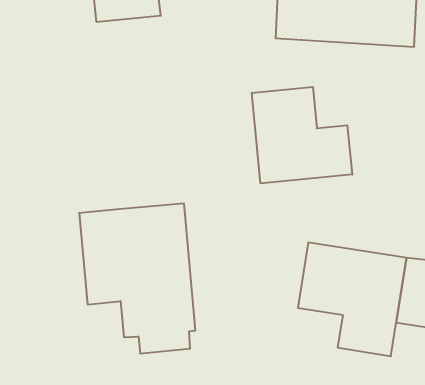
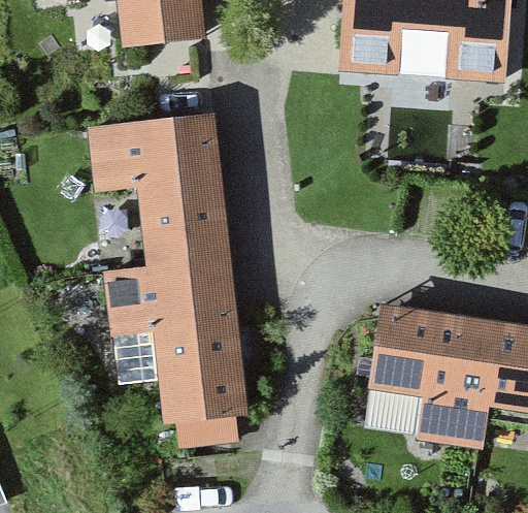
building: none -> [93,115,231,270]
building: [252,87,352,183] -> none

